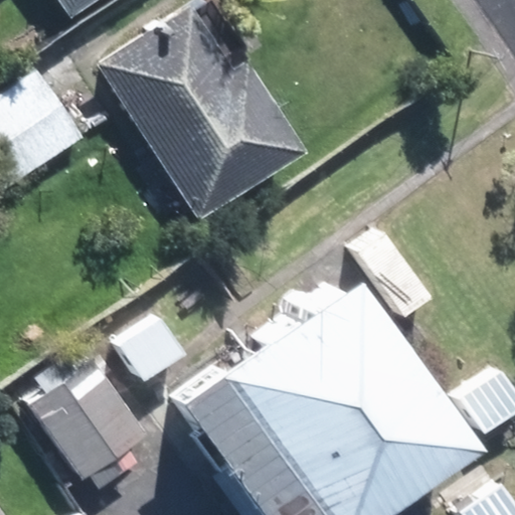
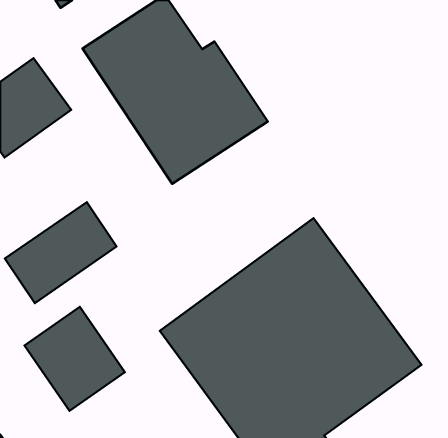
building: none -> [5,202,117,303]

